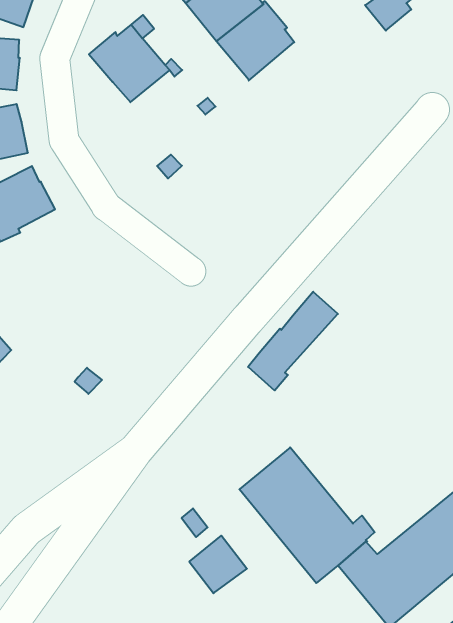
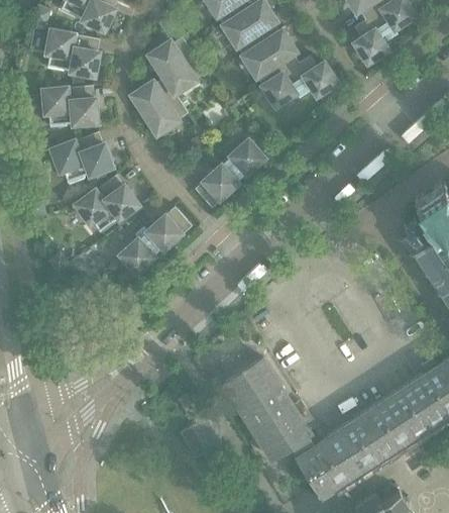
building: none -> [262,56,336,107]
building: none -> [131,78,188,134]
building: none -> [76,176,137,234]
building: none -> [120,207,192,274]
building: [248,292,338,390] -> [194,140,263,209]

